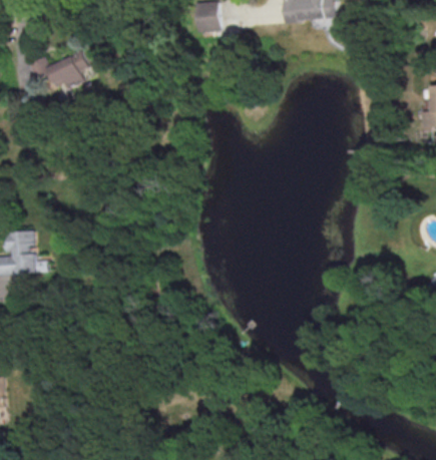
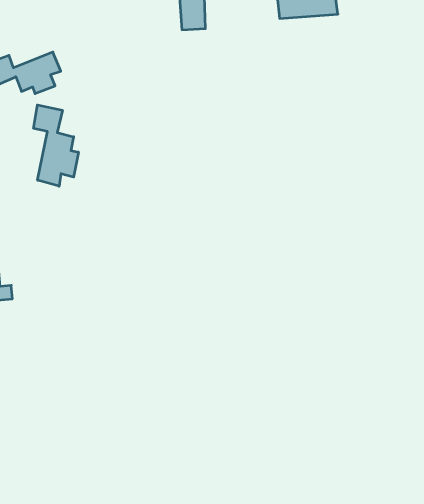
building: none -> [34,105,78,186]

